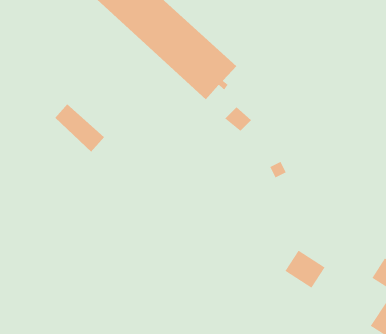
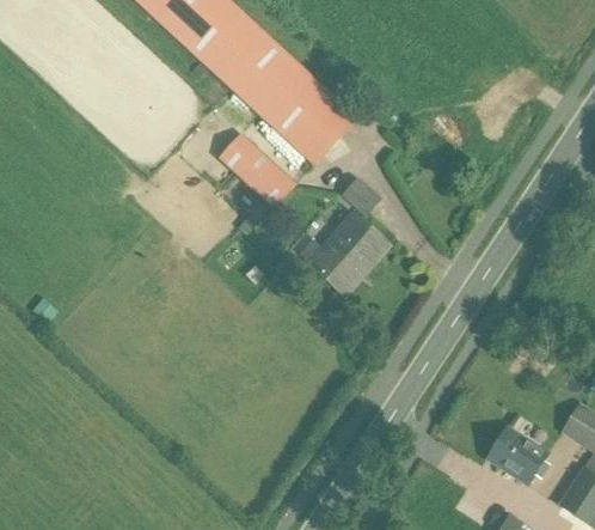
building: [54,103,105,152] -> [219,134,294,207]
building: none -> [309,212,389,294]
building: [284,250,325,288] -> [487,426,548,483]

